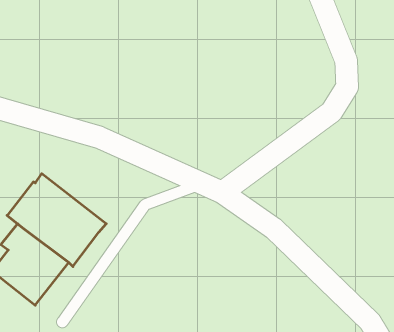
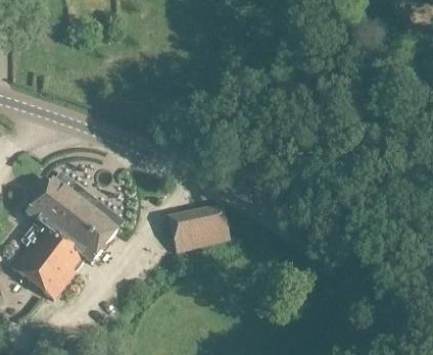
building: none -> [167,204,230,252]

